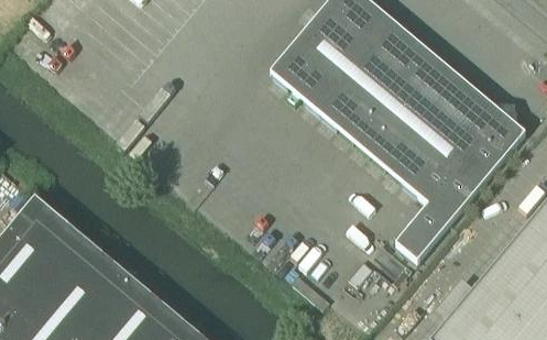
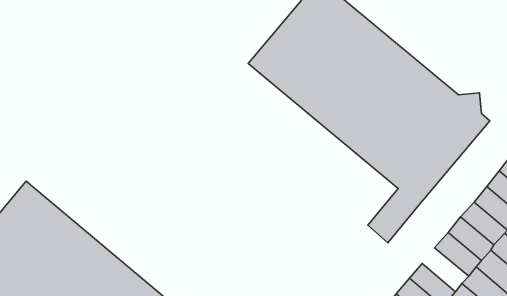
building: [455,265,504,311] -> none

